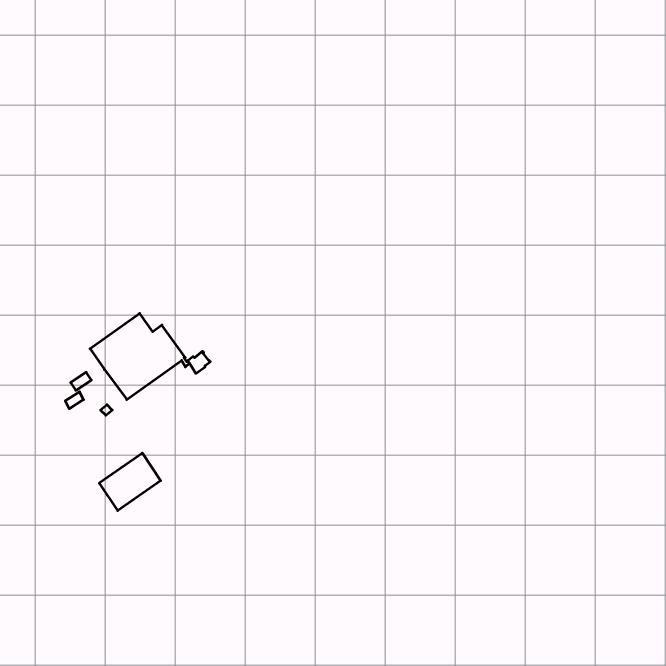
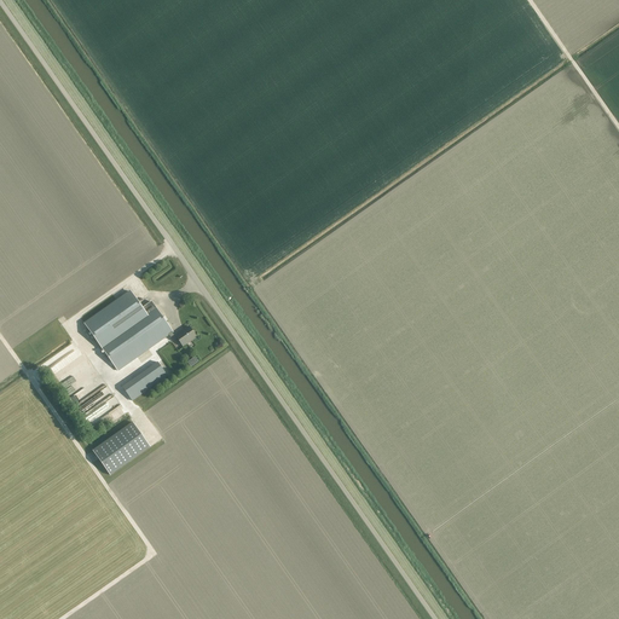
building: none -> [121,361,166,400]

